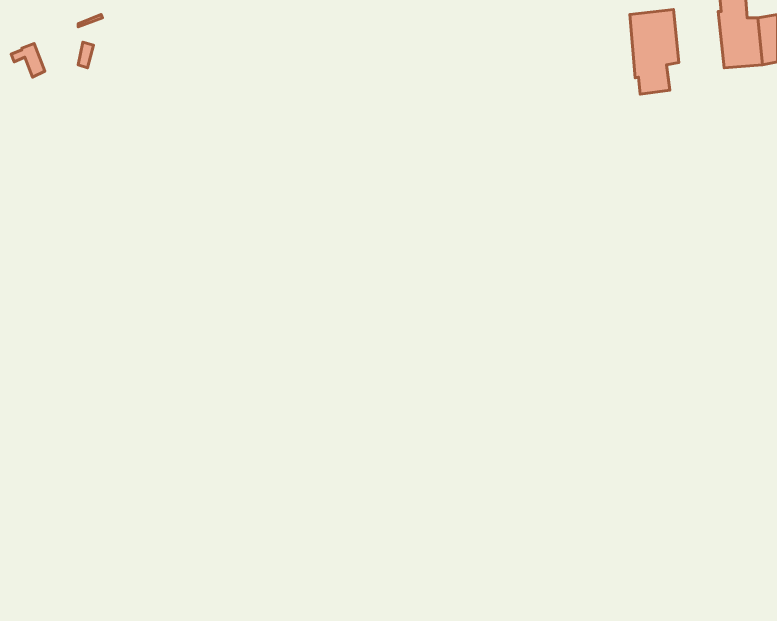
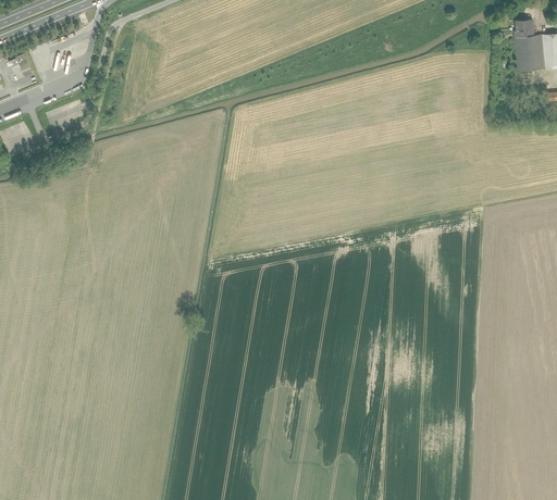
building: [630,10,679,94] -> none

